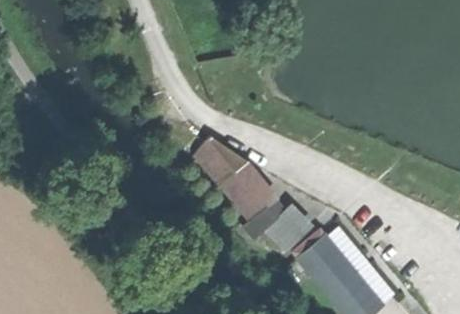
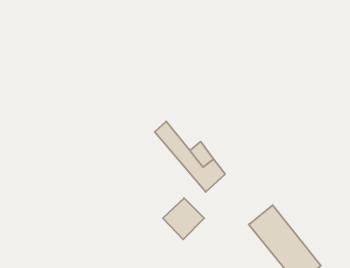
building: [263,205,310,252] -> [163,198,204,239]

